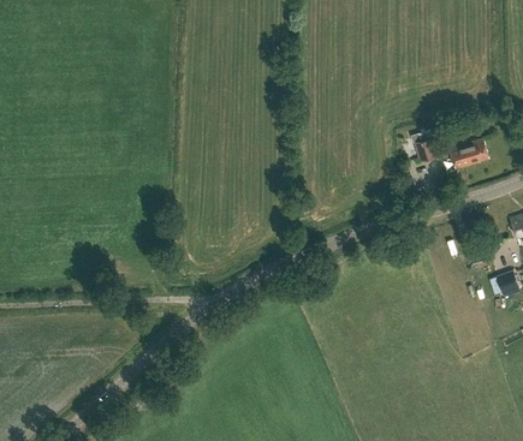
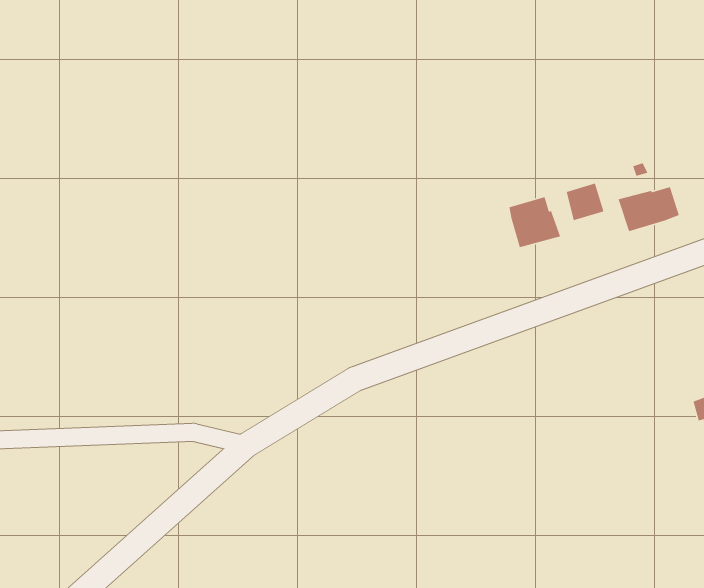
building: none -> [508,196,561,248]

